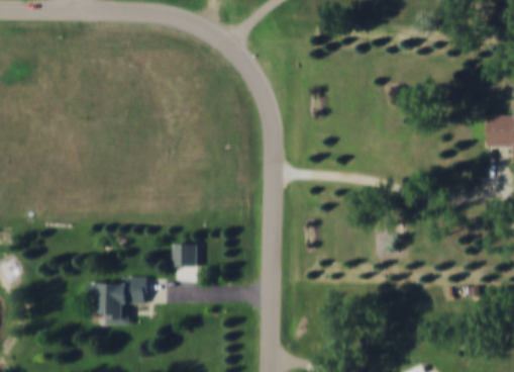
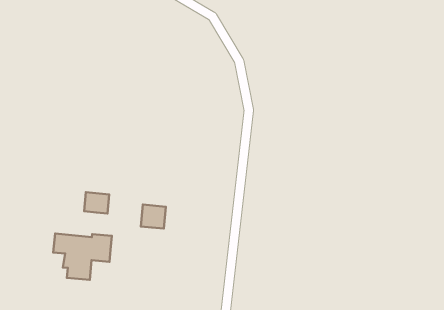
building: none -> [84,192,109,213]

